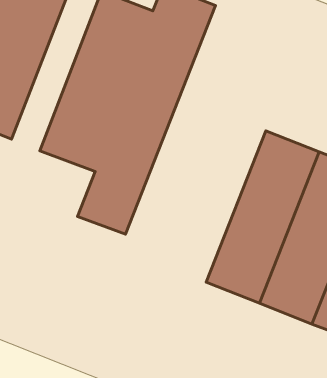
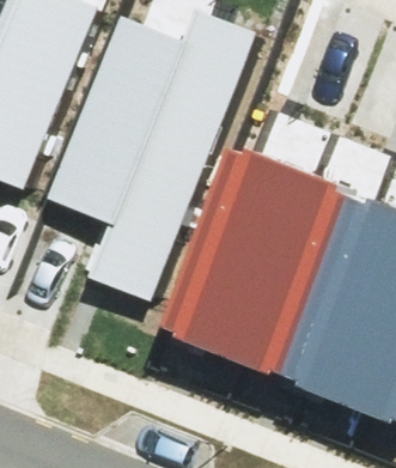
building: none -> [182,154,311,352]

